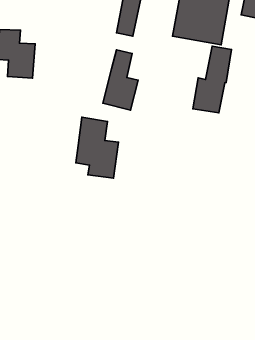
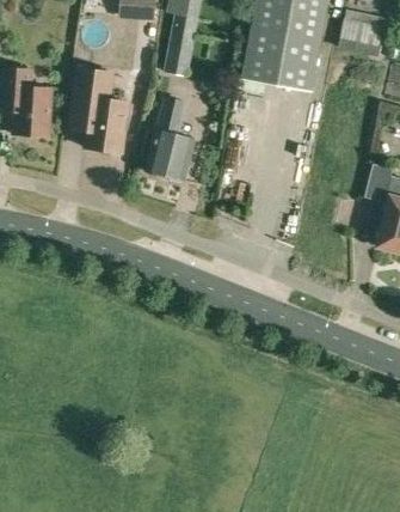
building: [193,46,232,113] -> none
building: [76,117,119,178] -> [68,66,128,151]

